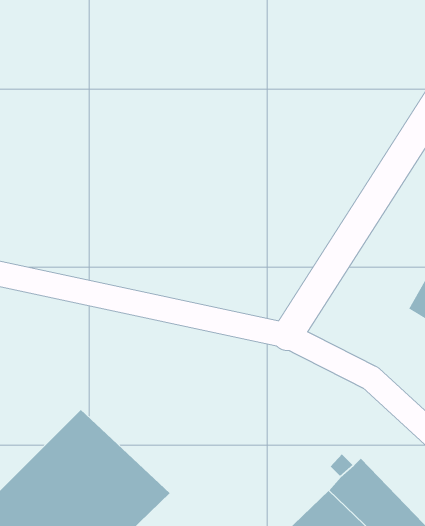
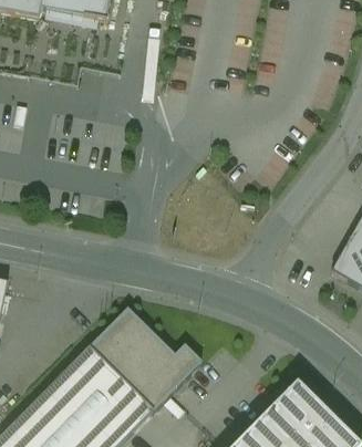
building: none -> [86,308,201,412]

